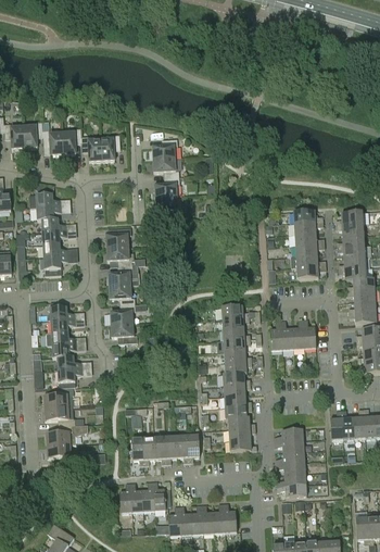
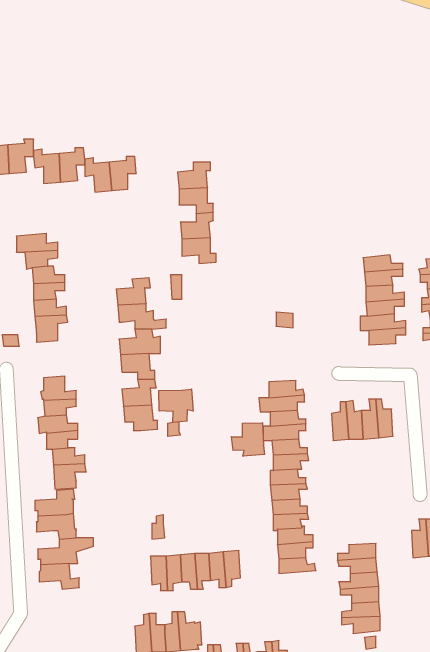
building: none -> [159,389,193,422]
building: none -> [231,423,265,456]

